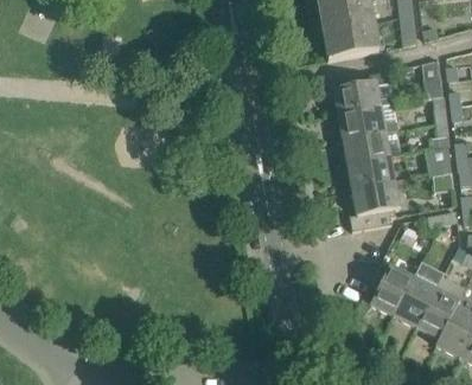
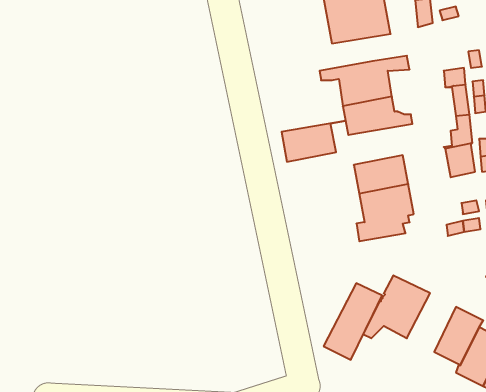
building: [342,129,397,165] -> [282,121,346,162]
building: [393,261,444,327] -> [324,283,382,360]

